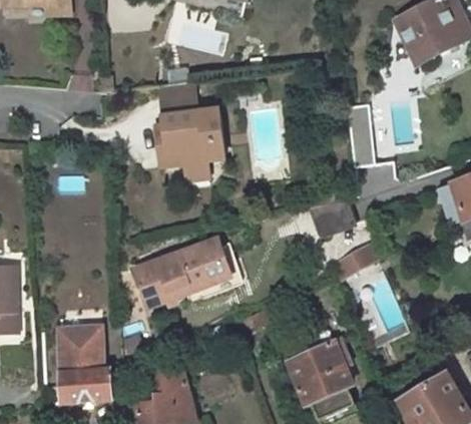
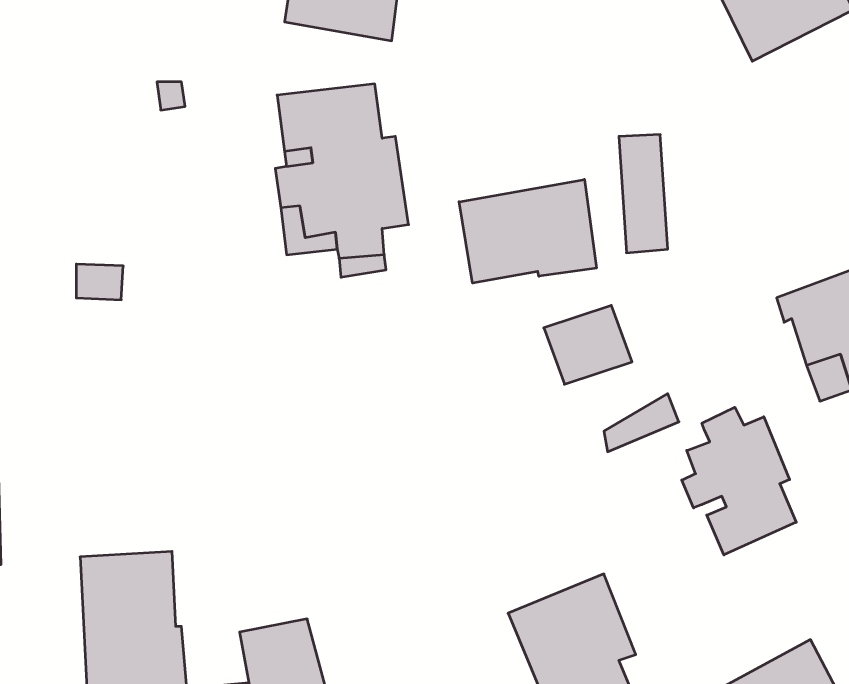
building: none -> [459,179,596,283]
building: [133,239,233,310] -> none
building: none -> [682,407,796,555]

